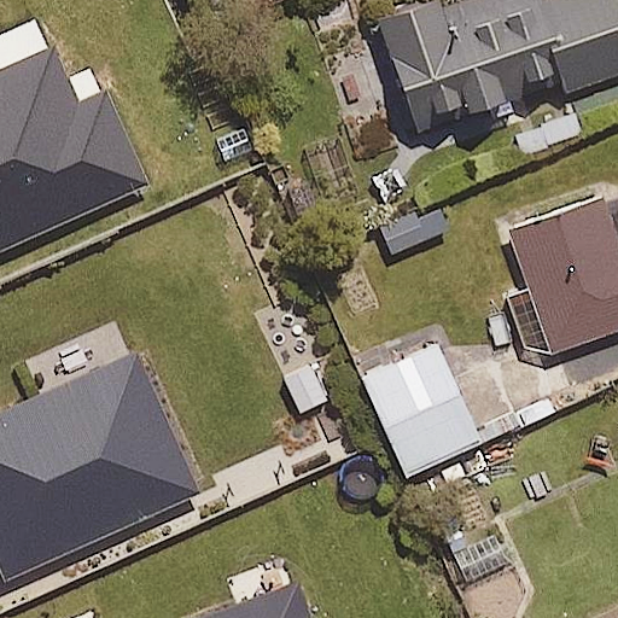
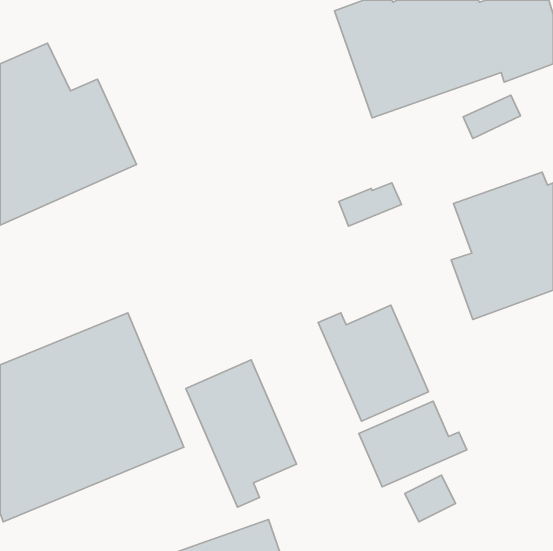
building: none -> [186,360,297,507]
building: none -> [359,401,467,487]

